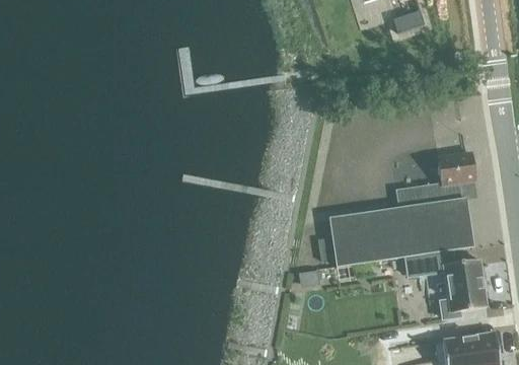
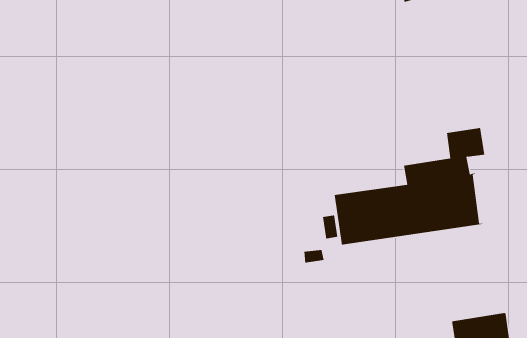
building: [404,250,486,318] -> none

